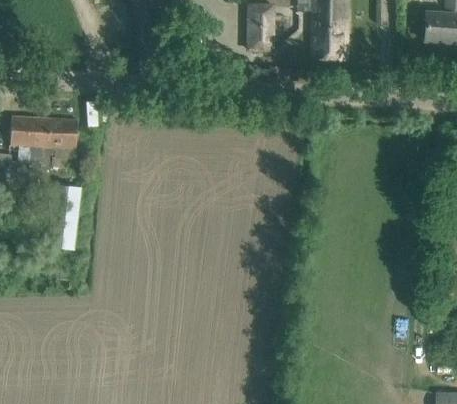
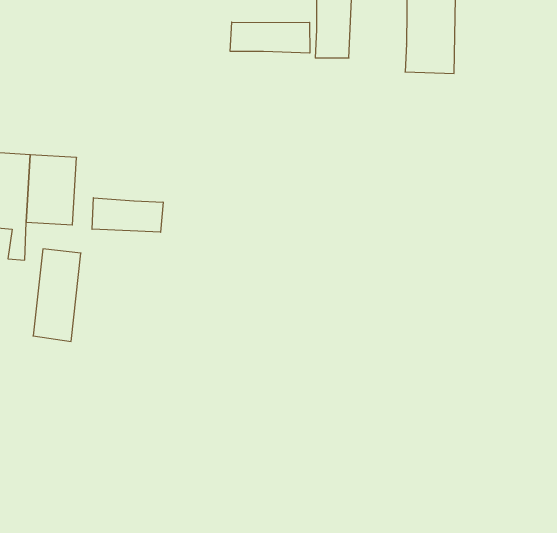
building: none -> [230,22,310,53]
building: none -> [92,198,163,232]

